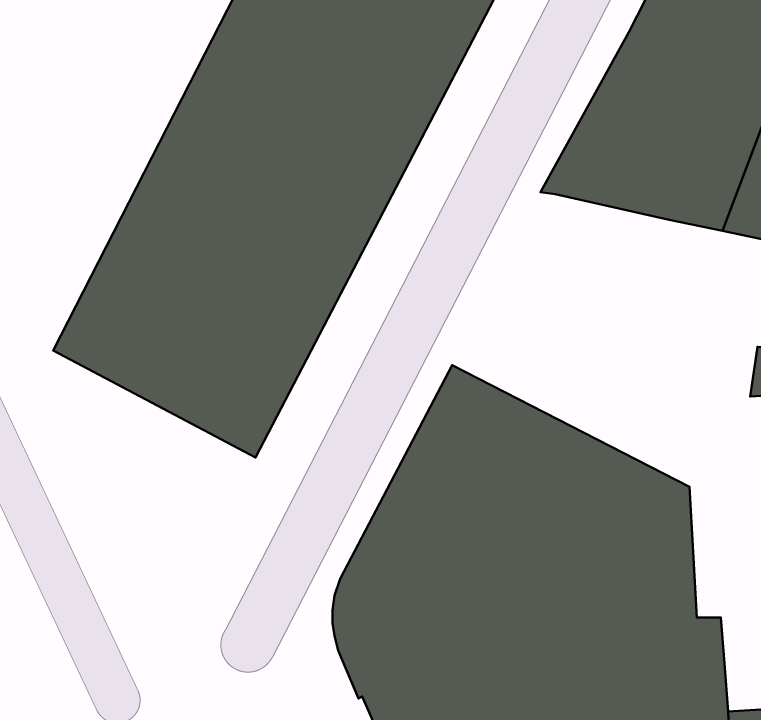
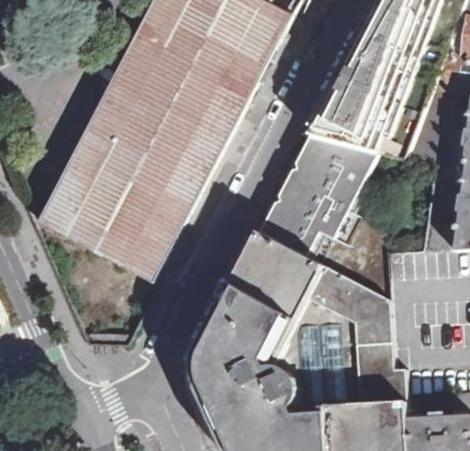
building: none -> [257,137,386,296]

